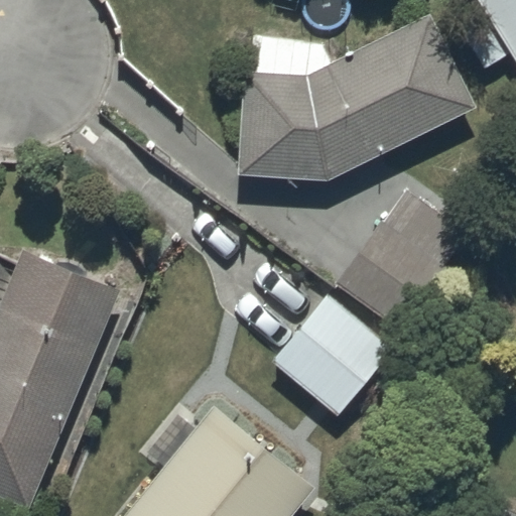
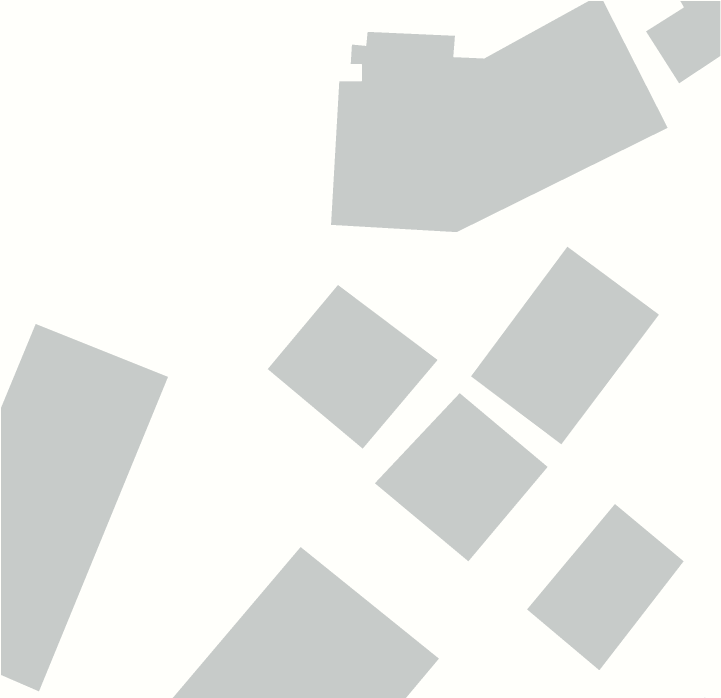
building: none -> [266,284,439,450]
building: none -> [526,503,685,671]

